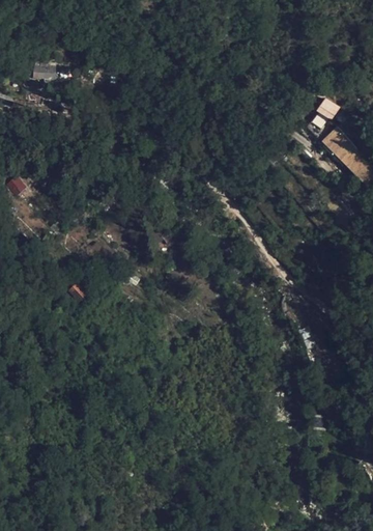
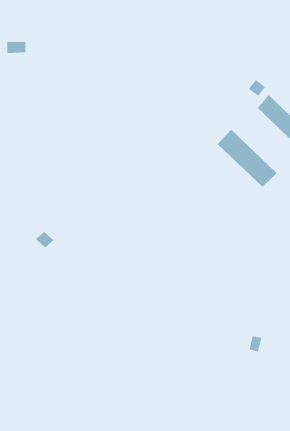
building: none -> [217,129,278,188]

